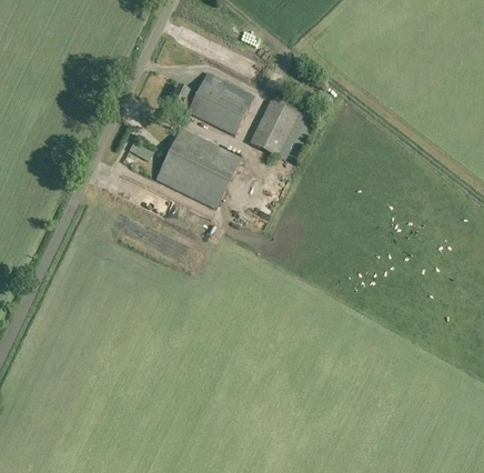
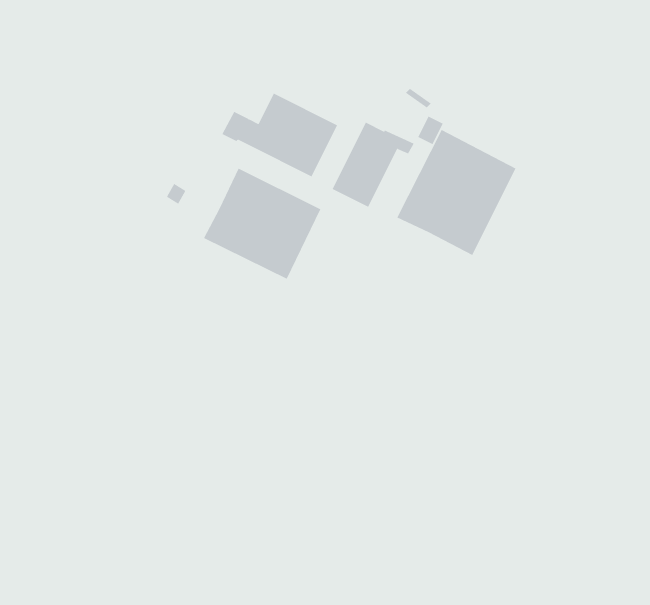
building: none -> [396,129,516,256]

